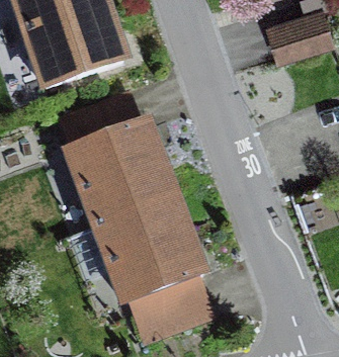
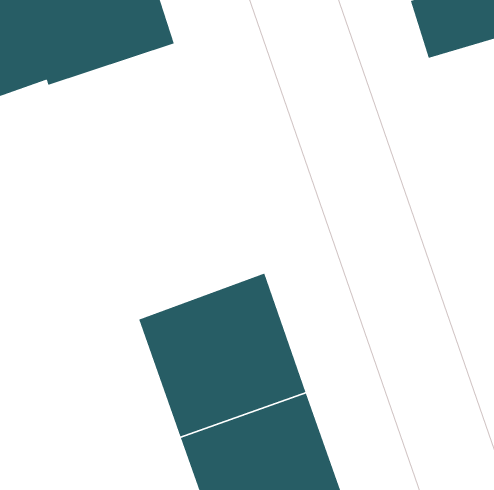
building: [71,116,176,222] -> none

